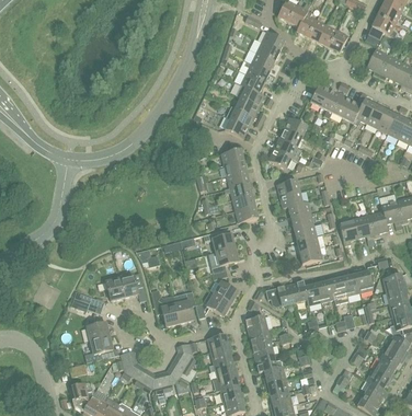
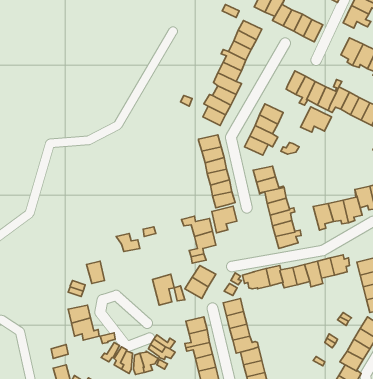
building: none -> [301,107,331,132]
building: none -> [212,206,237,233]
building: [119,273,146,300] -> none
building: [151,289,180,325] -> none

